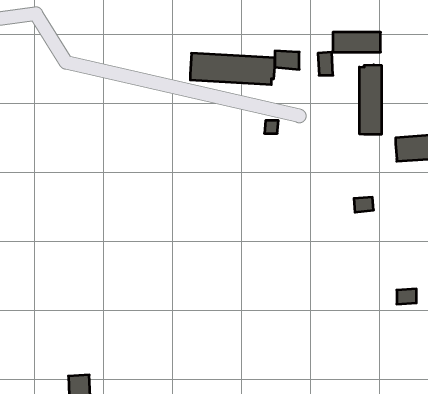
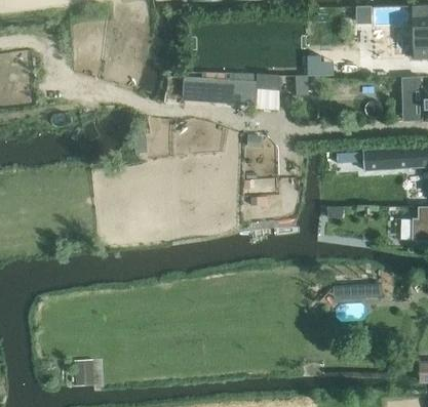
building: [359,65,381,134] -> none

